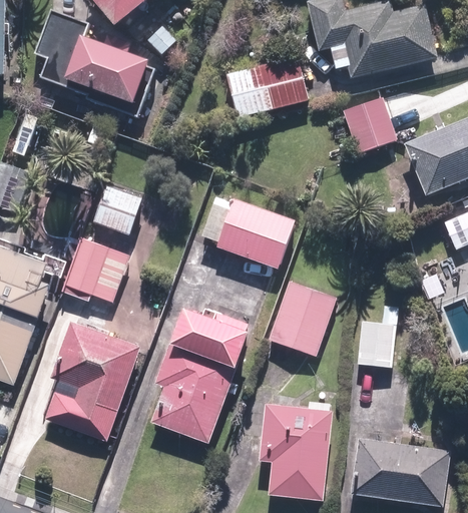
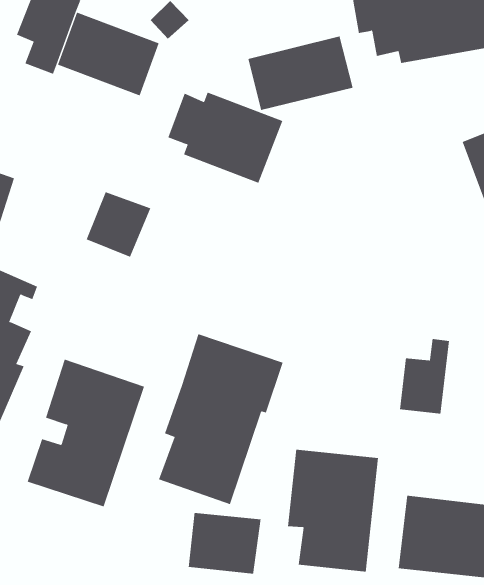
building: [341,98,395,155] -> none
building: [200,196,297,273] -> [167,92,283,183]
building: [58,234,131,305] -> none
building: [268,282,336,357] -> none
building: none -> [188,512,261,575]

